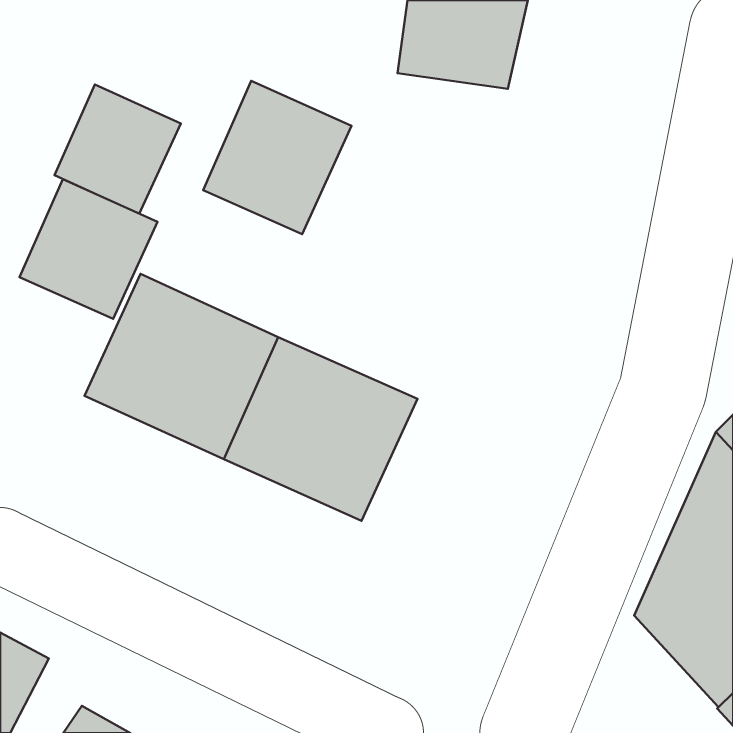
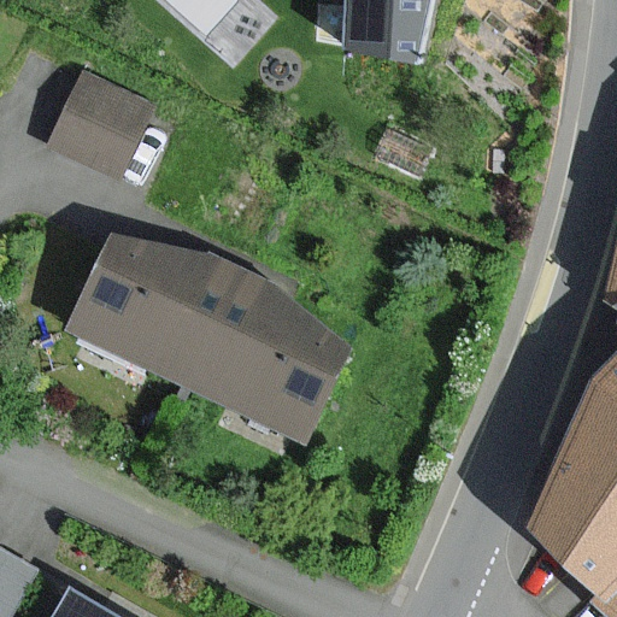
building: [203,81,351,234] -> none
building: [20,179,157,319] -> none

